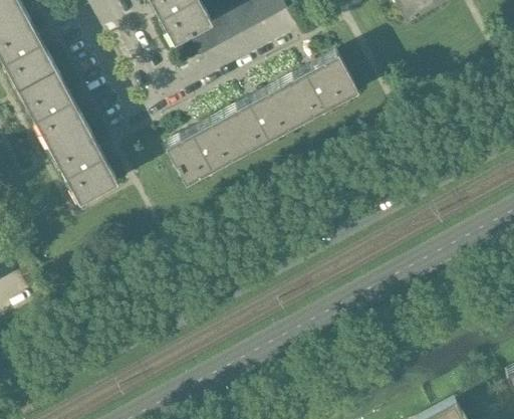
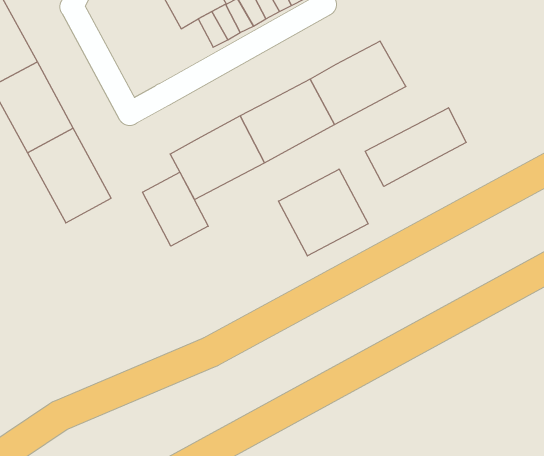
building: none -> [365,108,466,186]
building: none -> [278,169,368,256]
building: none -> [143,172,208,246]

